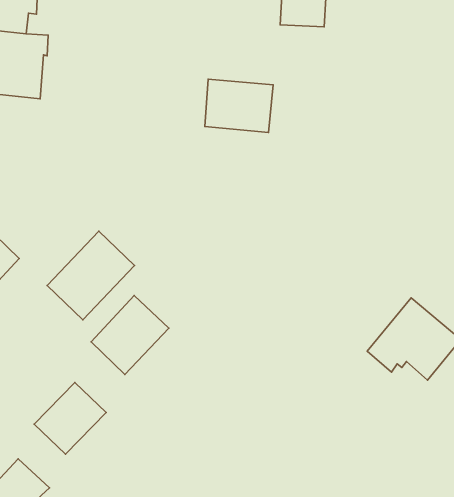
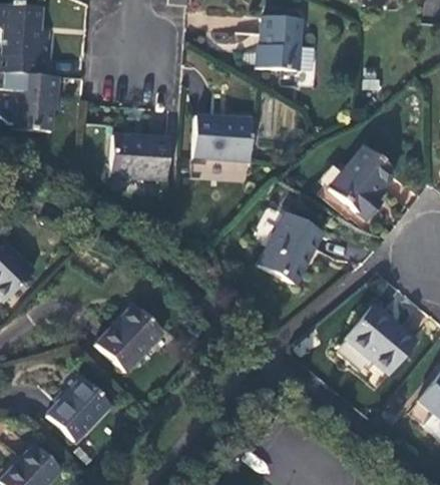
building: none -> [111,134,169,179]
building: none -> [331,145,397,219]
building: none -> [259,213,324,283]
building: [47,231,135,320] -> none

